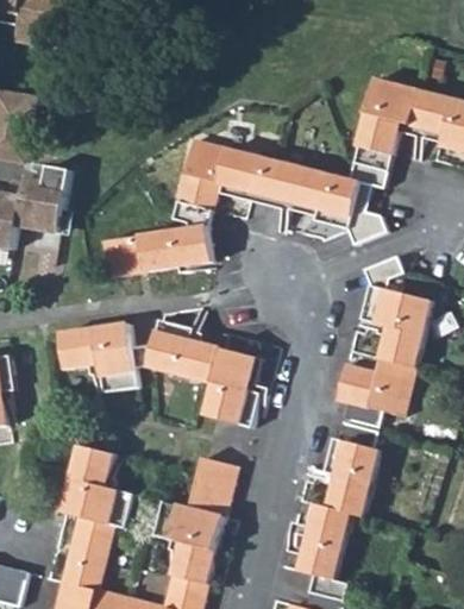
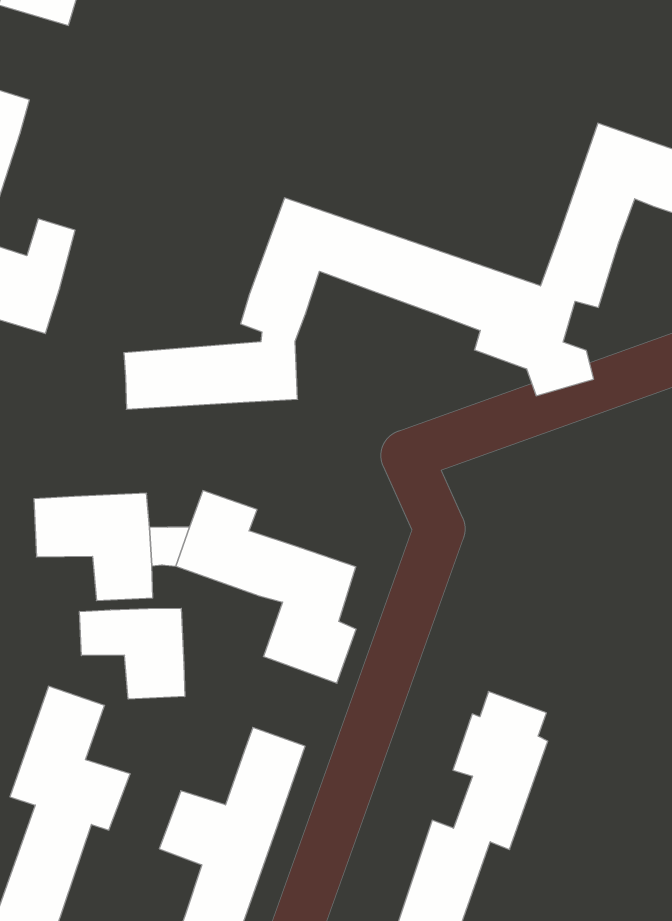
building: [336,255,431,426] -> none
building: none -> [80,608,185,699]

